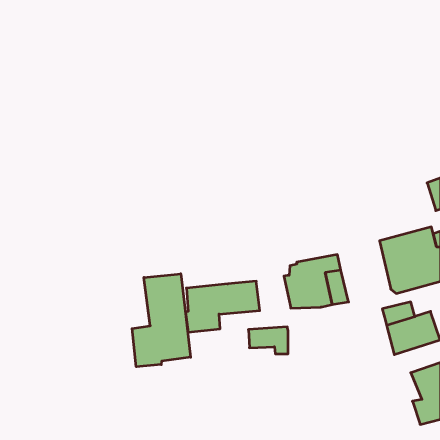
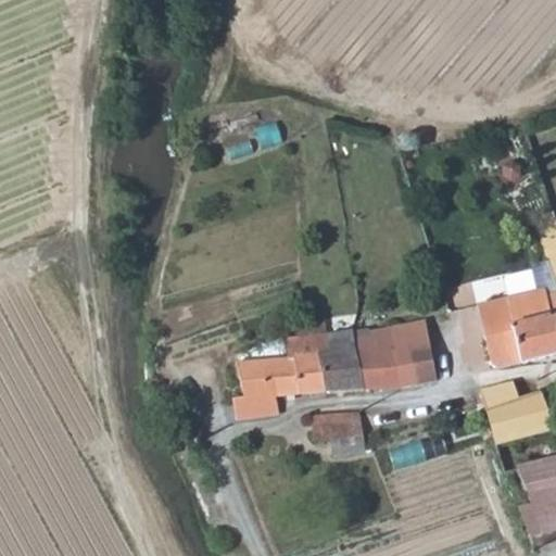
building: none -> [288,318,367,391]
building: [132,274,191,367] -> none

